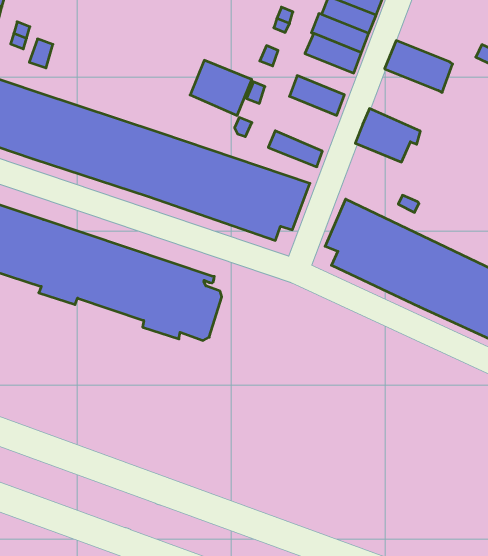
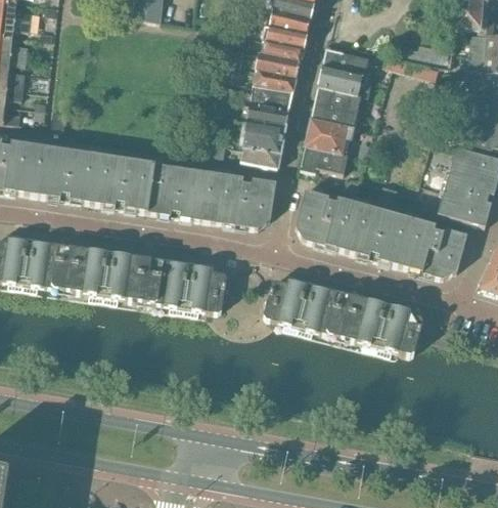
building: none -> [321,47,367,73]
building: none -> [252,85,293,111]
building: [190,60,252,115] -> [242,119,286,156]
building: none -> [310,86,359,128]
building: none -> [300,145,347,177]
building: none -> [262,272,421,355]

